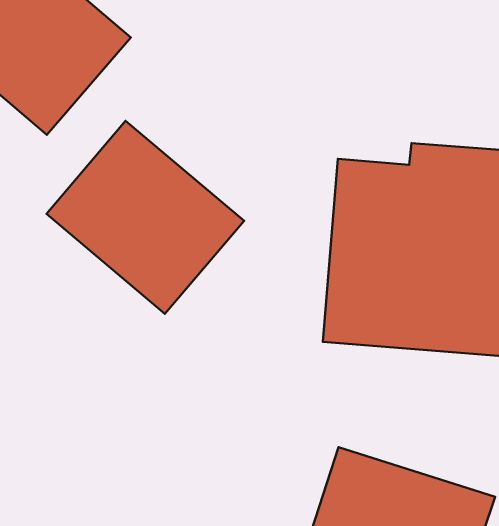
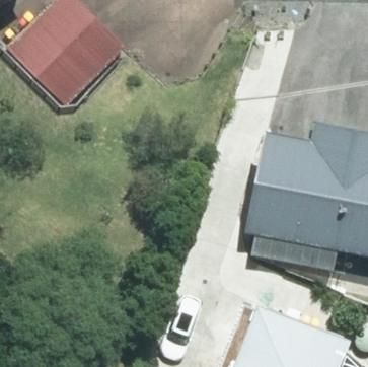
building: [46,121,244,314] -> none

